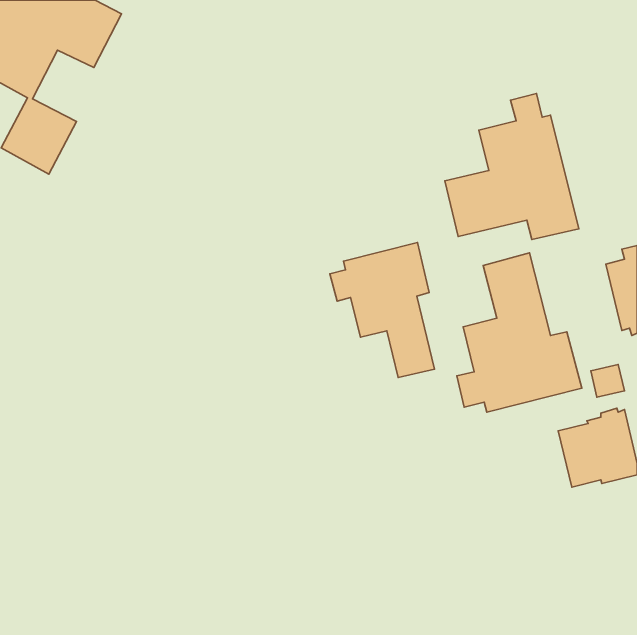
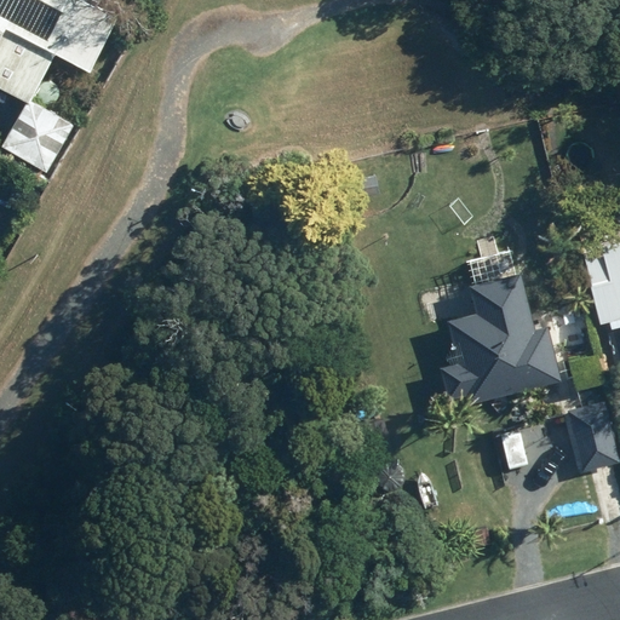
building: [445,93,579,239] -> none
building: [330,243,435,378] -> none

